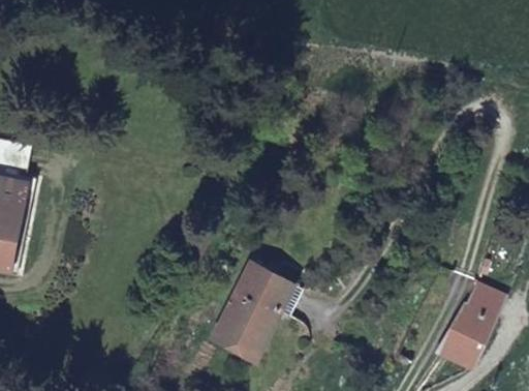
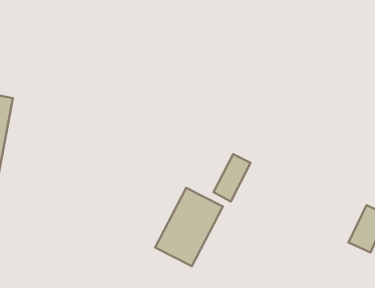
building: none -> [213,154,250,202]
building: [438,329,484,367] -> none

